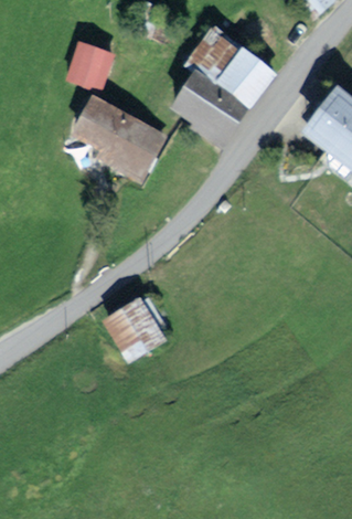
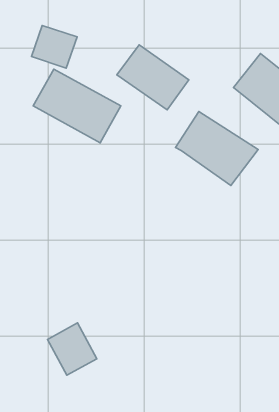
building: [183,24,277,108] -> [175,112,258,185]
building: [108,298,164,358] -> [47,323,97,375]

